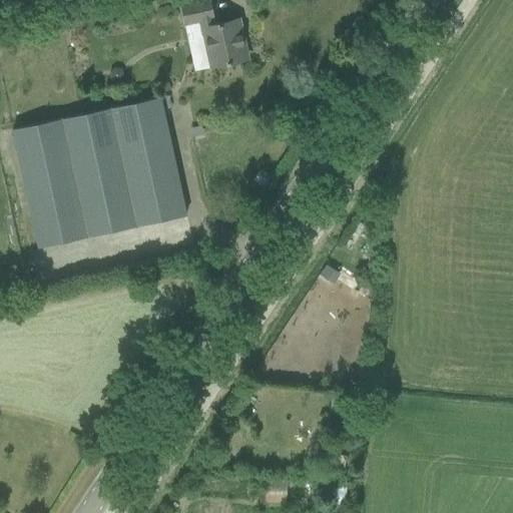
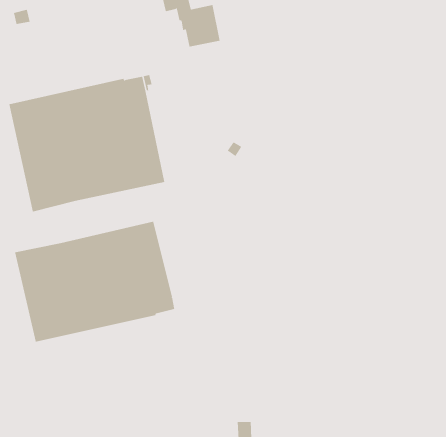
building: none -> [15,221,175,343]

